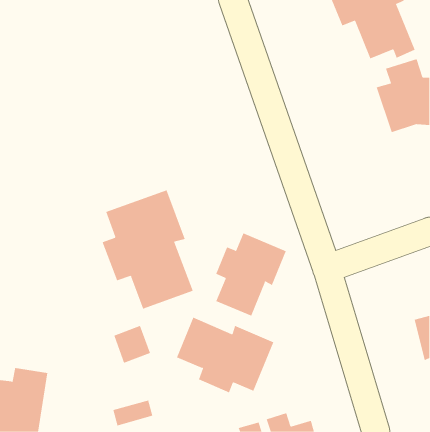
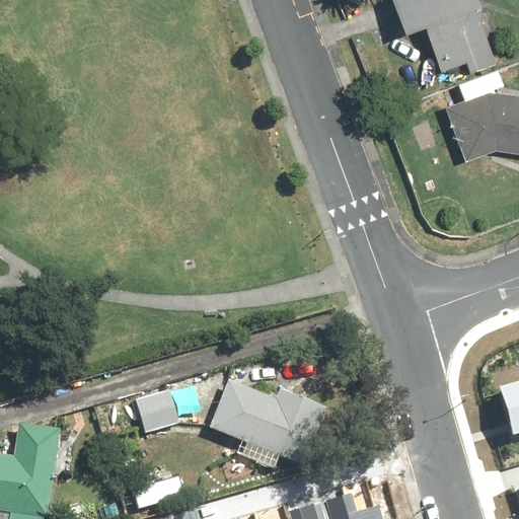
building: [102,189,194,310] -> none
building: [216,232,287,317] -> none

